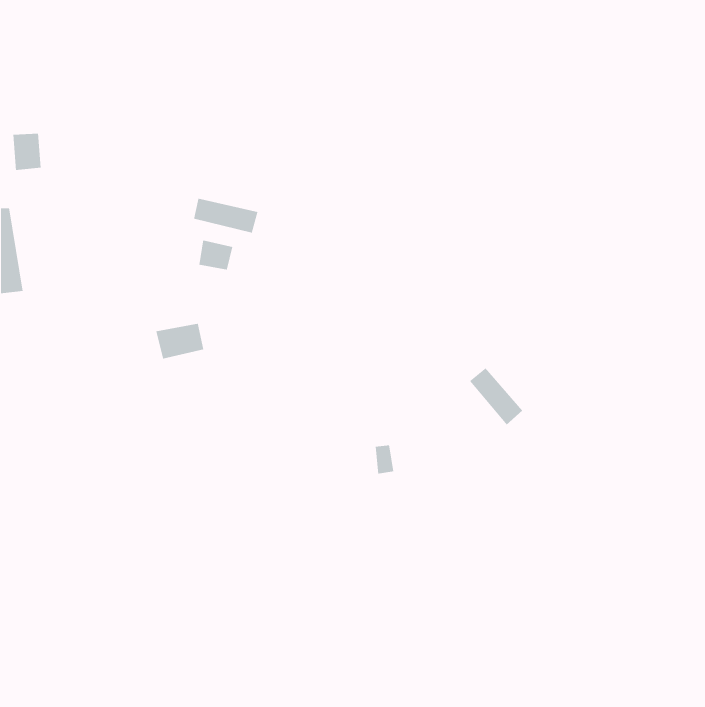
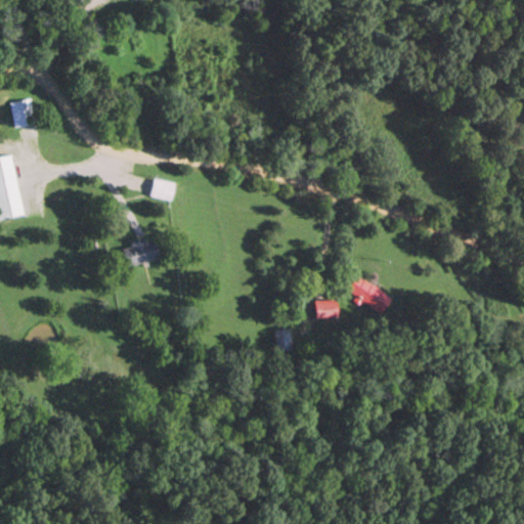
building: [193,198,258,234] -> none
building: none -> [315,299,338,318]

